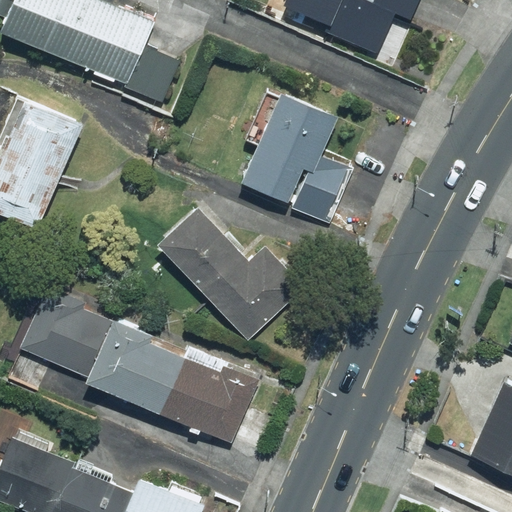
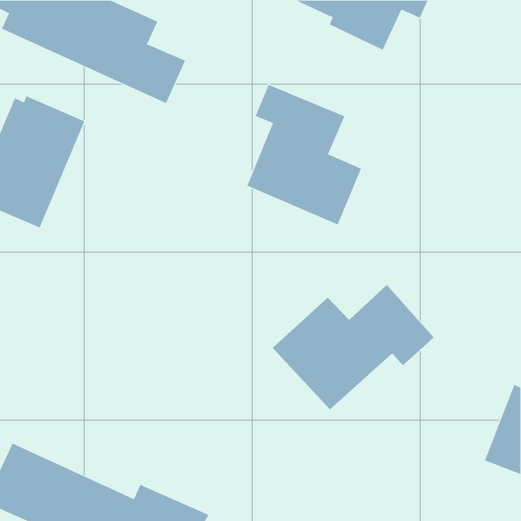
building: [157,205,303,340] -> none
building: none -> [272,284,435,410]
building: [18,290,257,442] -> none

